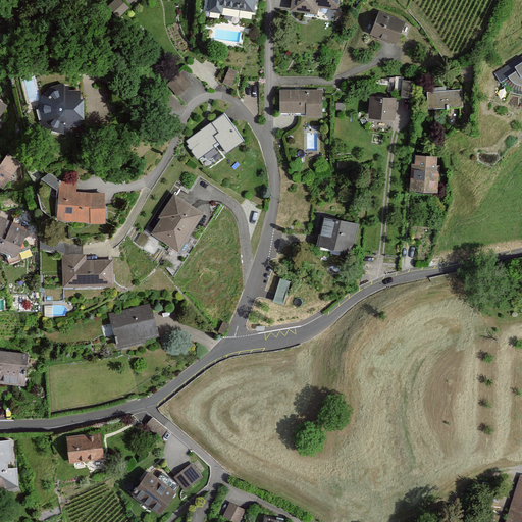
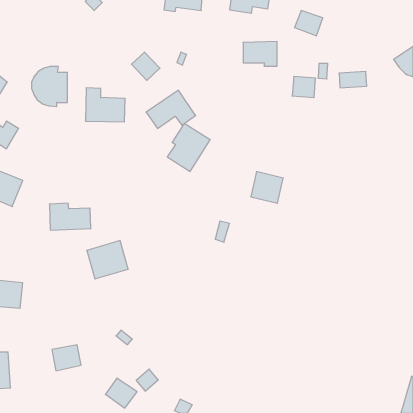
building: [279,89,322,119] -> [243,42,277,66]
building: [409,156,437,194] -> none
building: [60,182,110,225] -> [85,88,125,122]
building: [154,194,208,254] -> [167,124,210,171]

